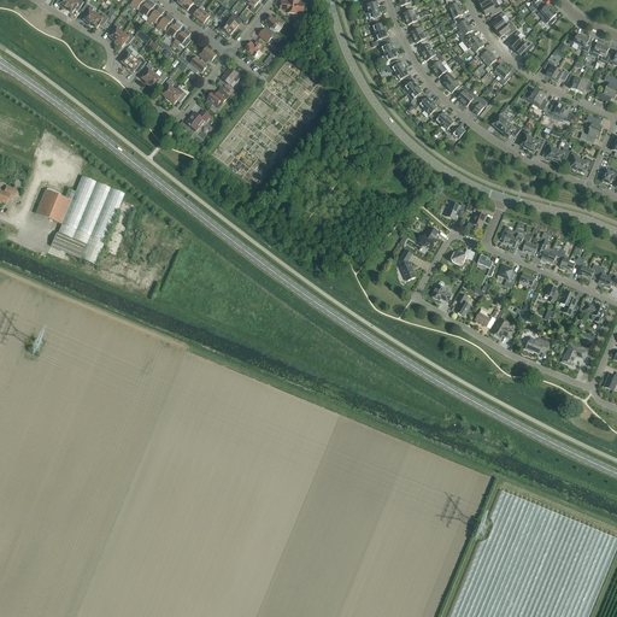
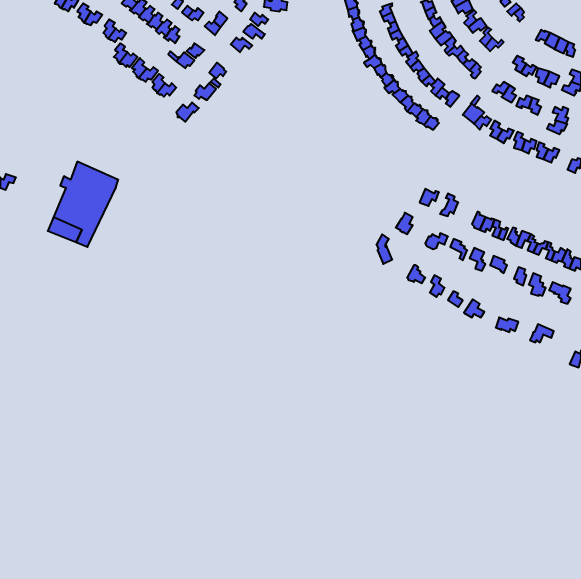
building: [35,188,70,222] -> none

